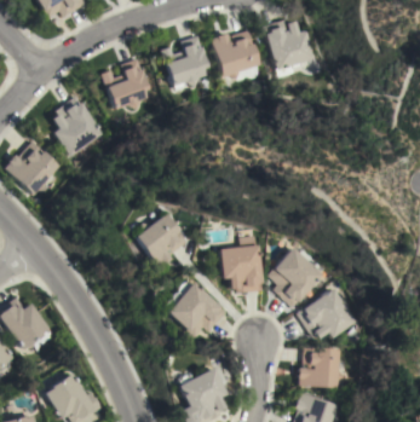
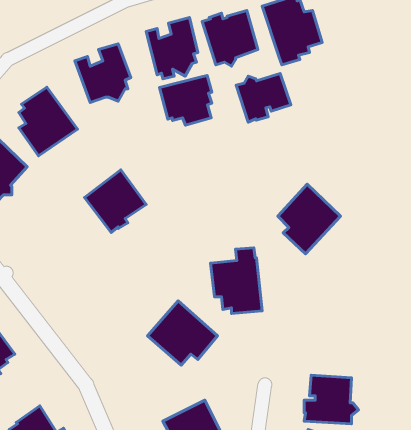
building: none -> [236,73,291,122]
building: none -> [160,75,212,125]
building: [132,213,185,267] -> [85,170,146,233]
building: [270,247,324,307] -> [278,184,341,254]
building: [299,289,358,339] -> none

